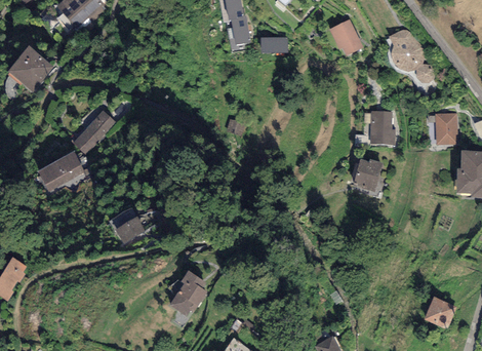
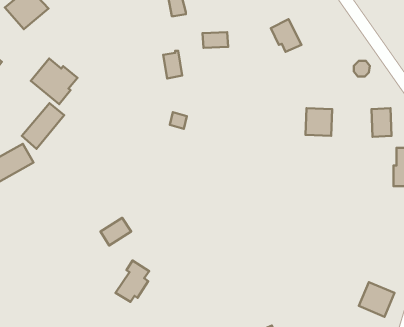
building: [231,14,250,43] -> [163,51,182,79]
building: [391,31,424,71] -> none
building: none -> [31,58,77,104]
building: [350,157,379,190] -> none
building: [114,216,146,244] -> [100,218,131,245]

